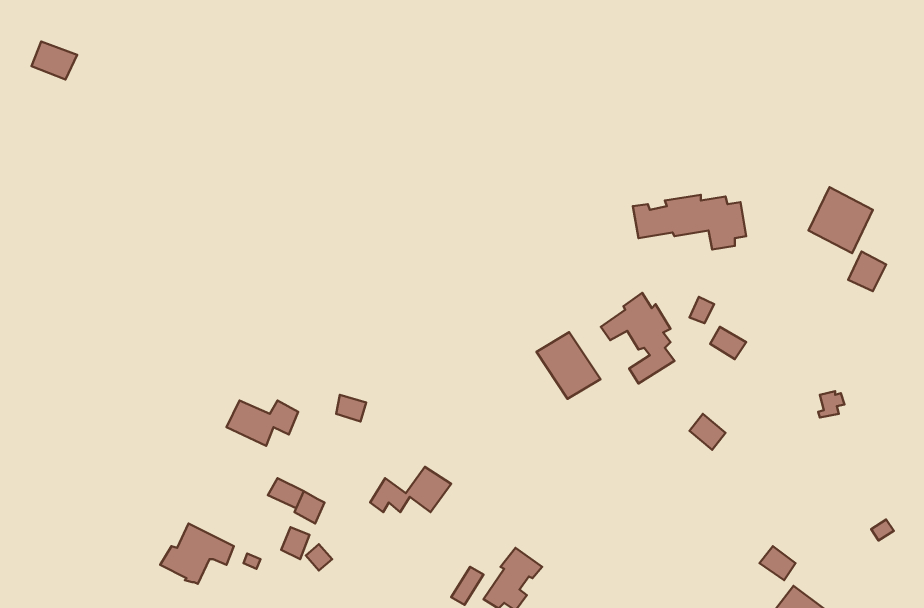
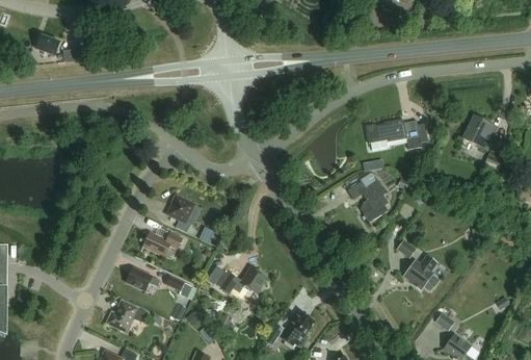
building: [536,332,601,399] -> none
building: none -> [167,195,194,232]
building: none -> [403,254,439,289]
building: none -> [126,267,160,290]

